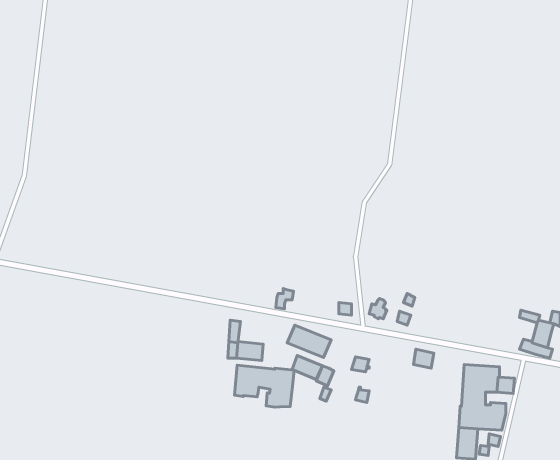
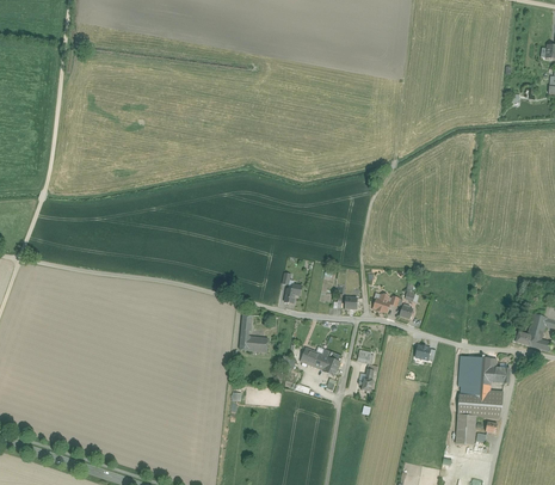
building: [287,325,331,357] -> none
building: [234,365,294,407] -> none

